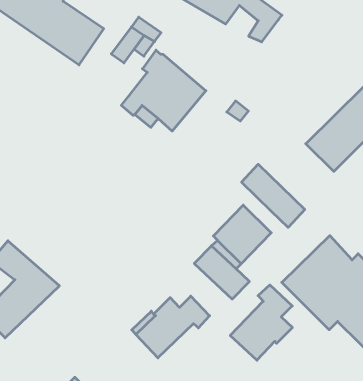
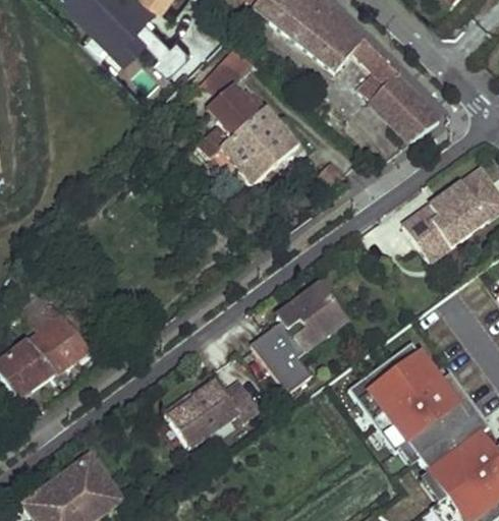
building: none -> [368,75,436,142]
building: [242,164,305,227] -> none
building: [230,285,292,360] -> none

